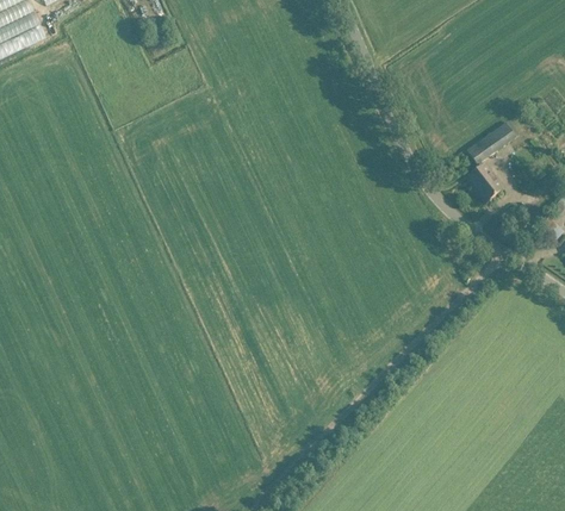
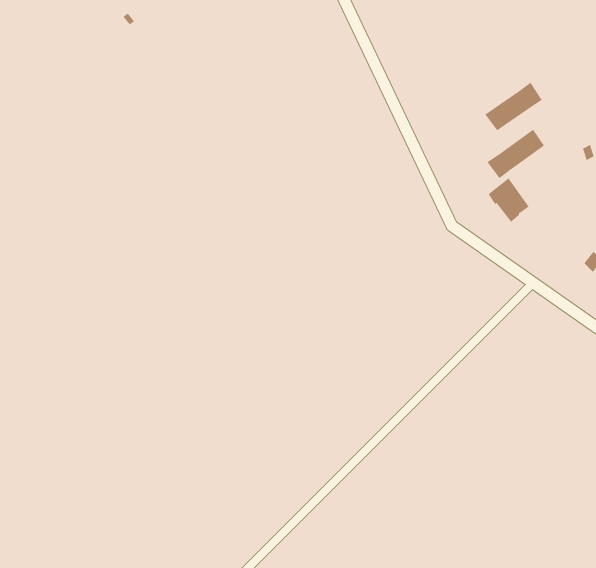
building: none -> [485,82,543,131]

